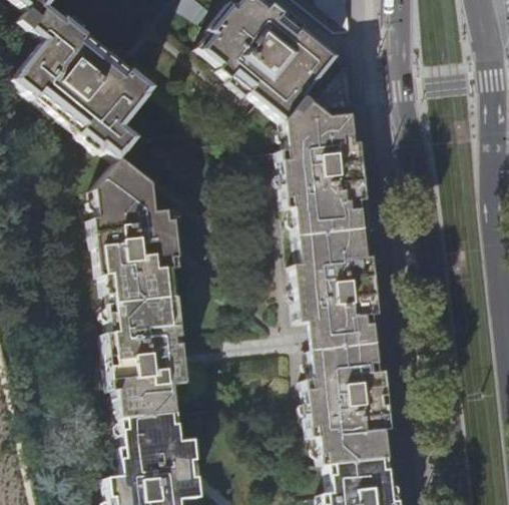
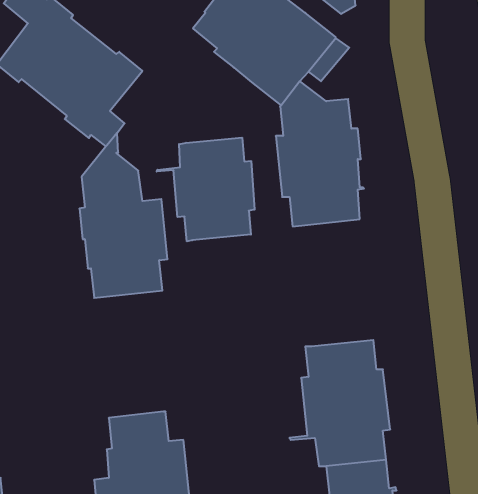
building: none -> [157,138,255,241]
building: [293,228,377,350] -> none
building: [105,297,184,418] -> none

